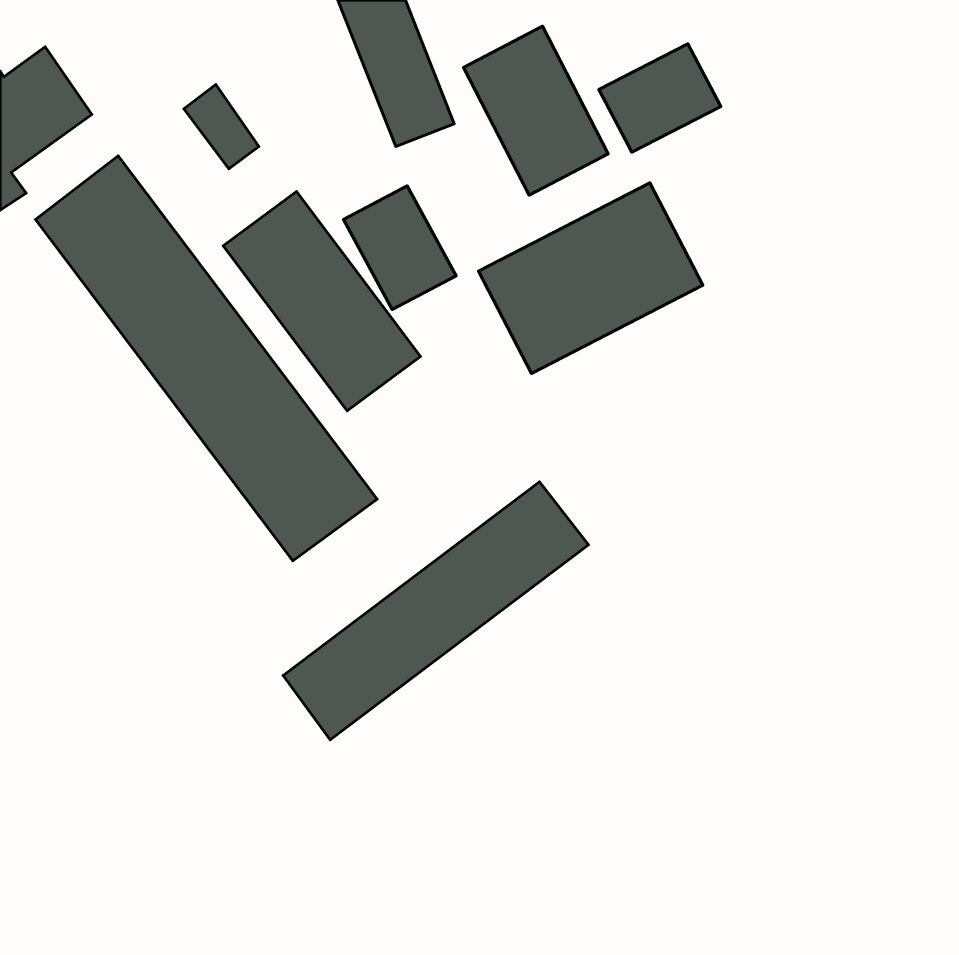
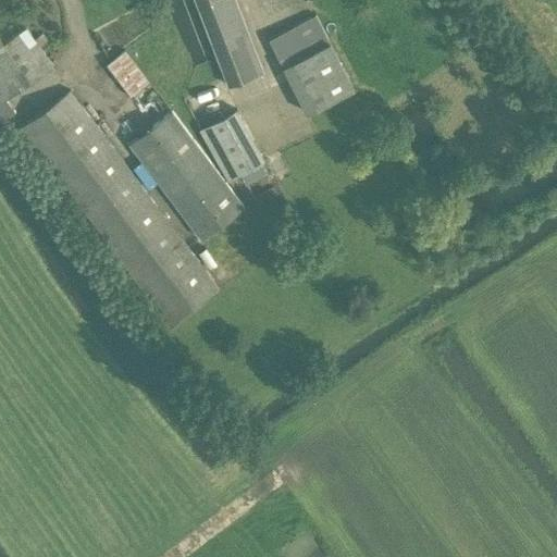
building: [599,44,721,152] -> none
building: [478,183,703,373] -> none
building: [283,482,589,740] -> none

